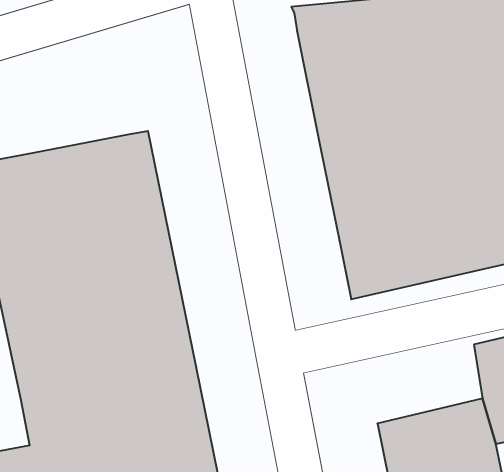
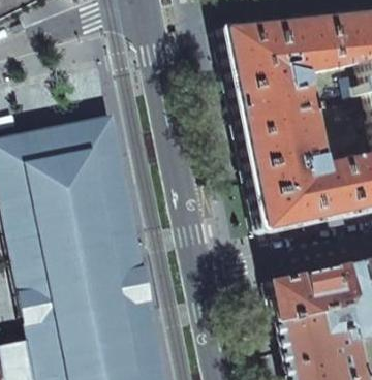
building: none -> [270,264,351,320]

